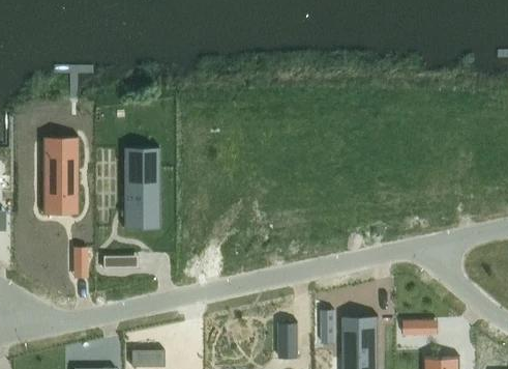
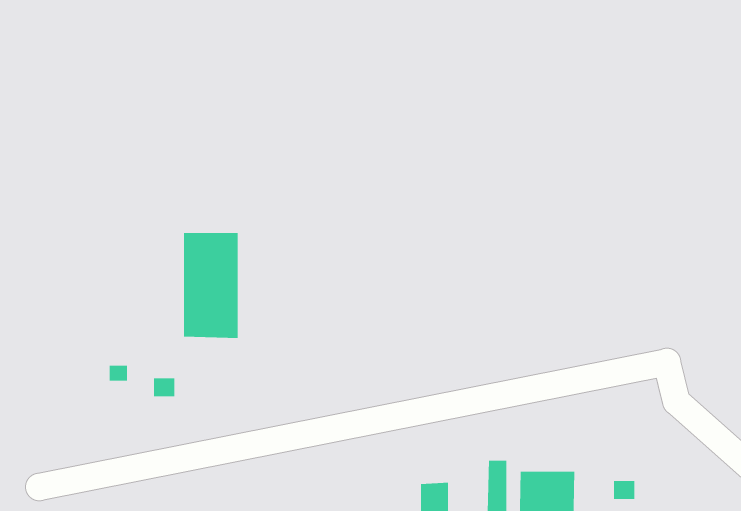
building: [41,149,79,214] -> none

